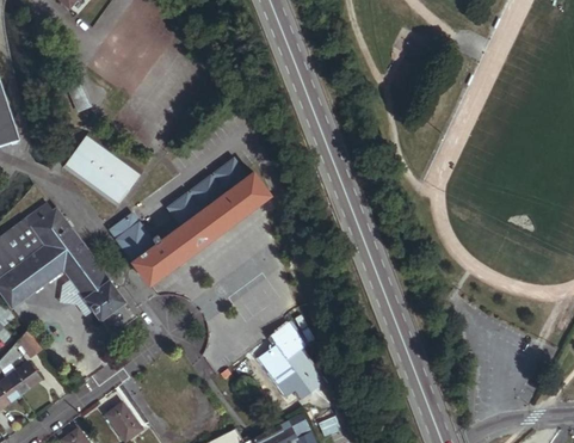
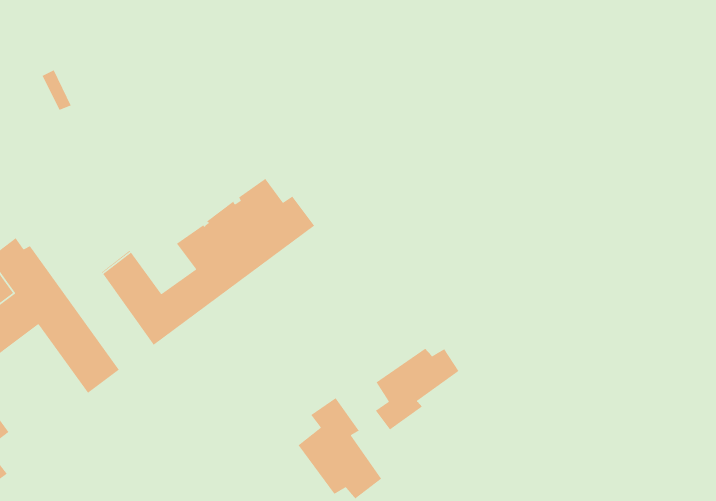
building: [61,129,141,204] -> none
building: none -> [375,348,460,430]

